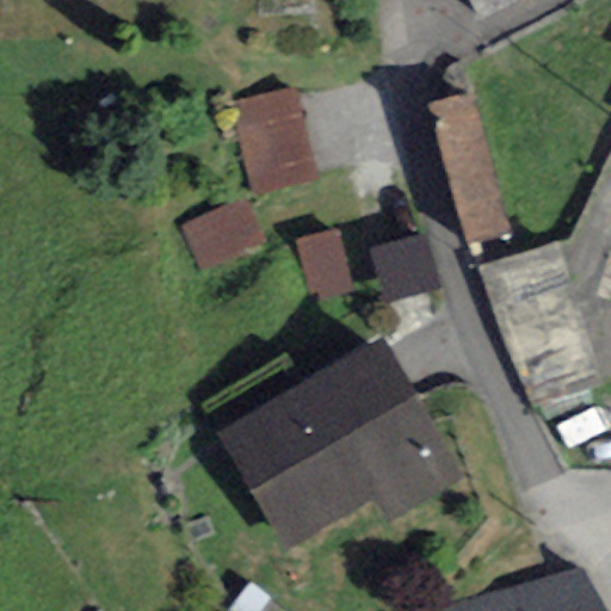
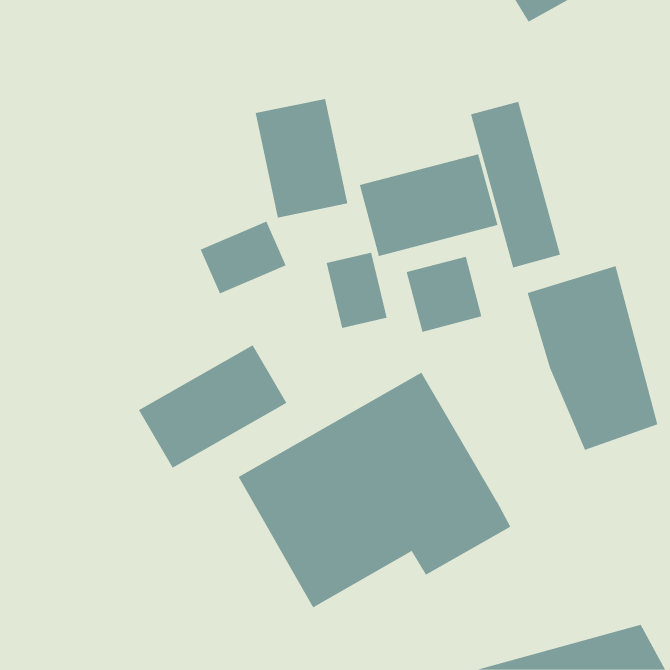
building: none -> [359,153,498,257]
building: none -> [138,345,287,469]

